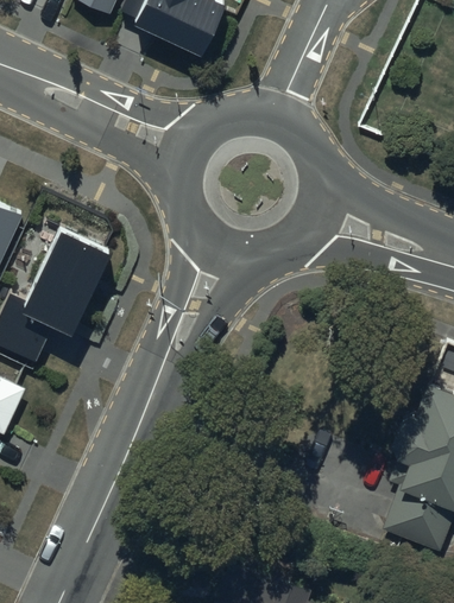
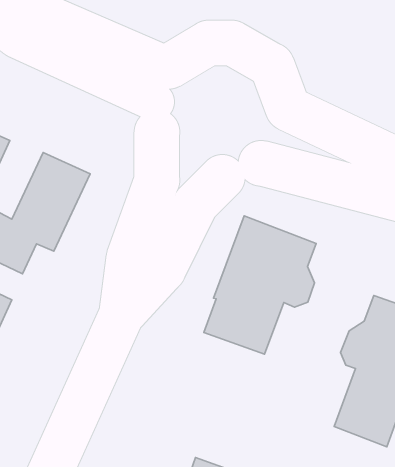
building: none -> [204,216,316,354]

